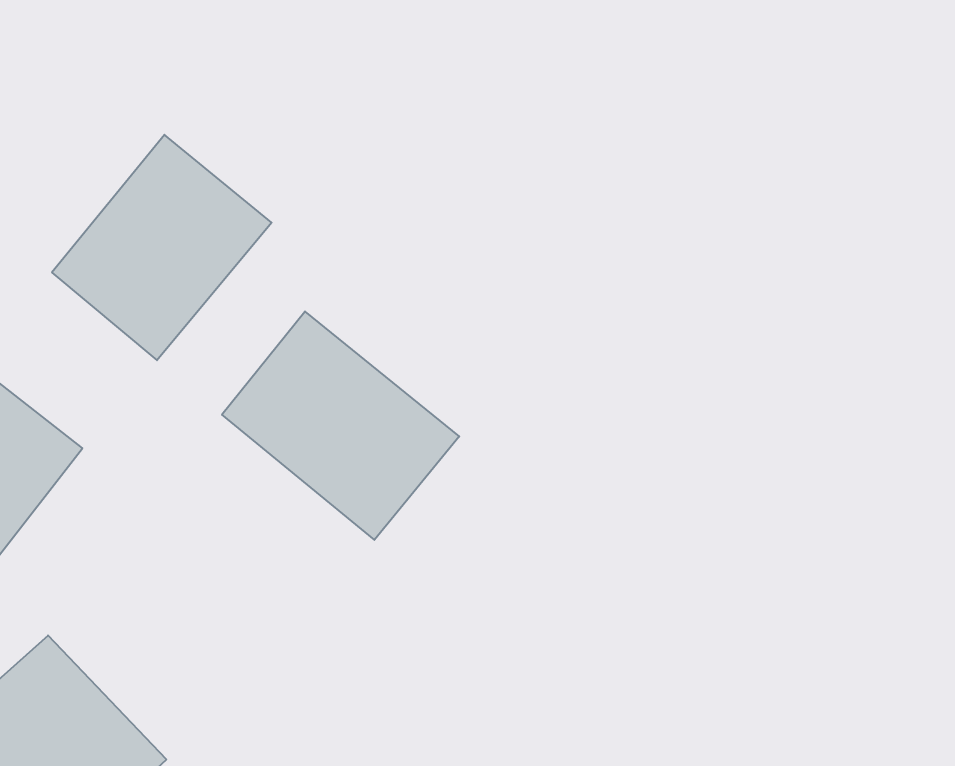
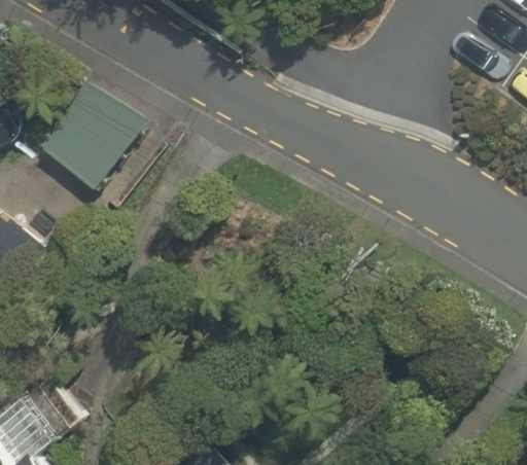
building: [222,311,459,540] -> none

